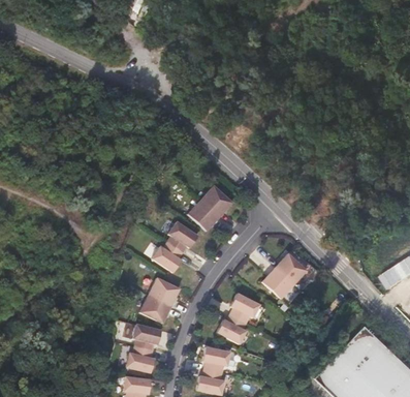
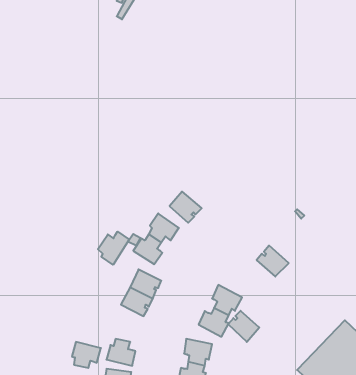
building: [201,185,233,216] -> none
building: none -> [98,232,129,265]
building: [263,268,294,299] -> [228,311,259,342]
building: [133,324,162,349] -> [72,342,101,368]

